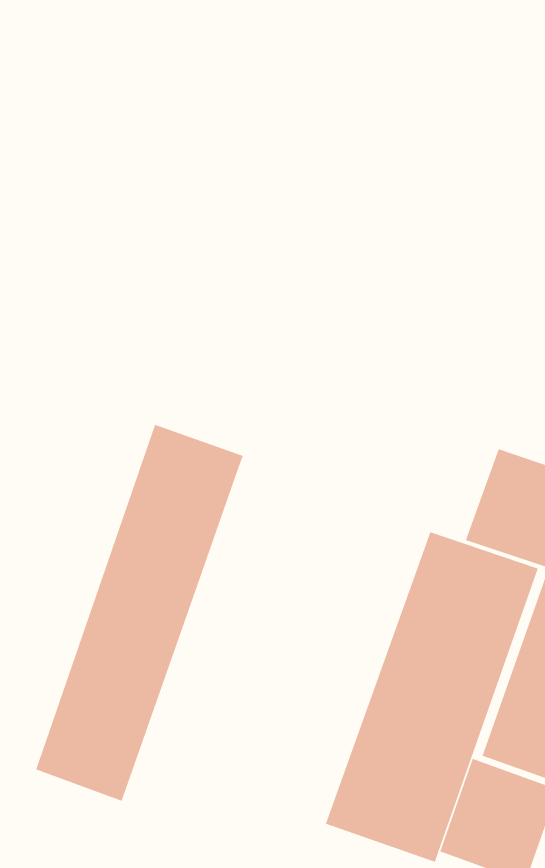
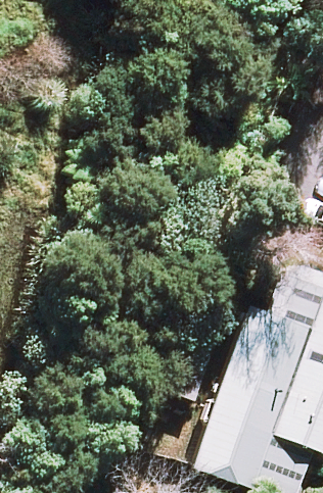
building: [35,424,244,802] -> none

